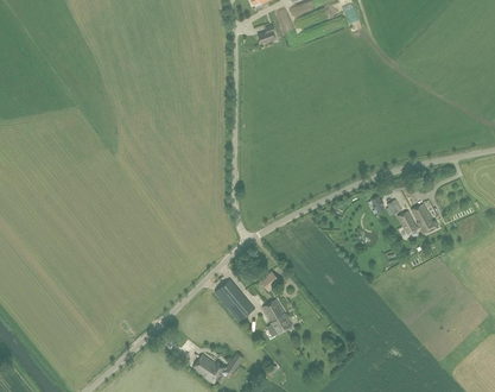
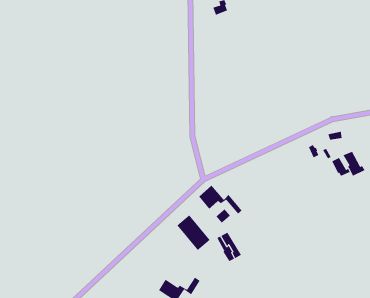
building: none -> [198,185,243,215]

